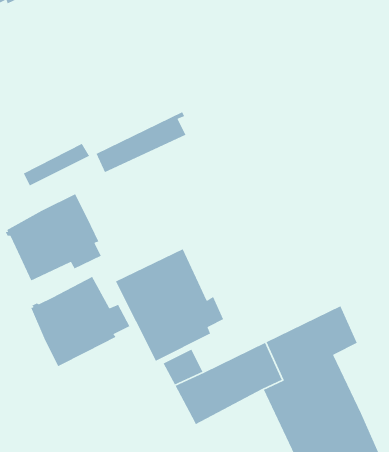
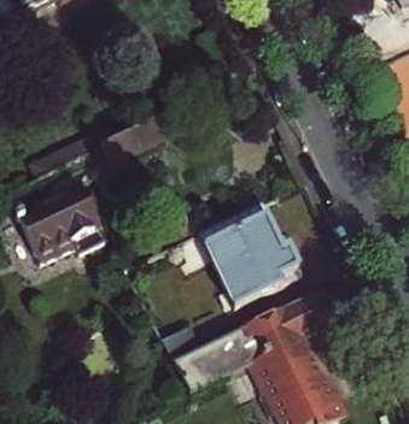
building: [115,248,224,362] -> [194,204,294,307]
building: [30,276,131,367] -> none

